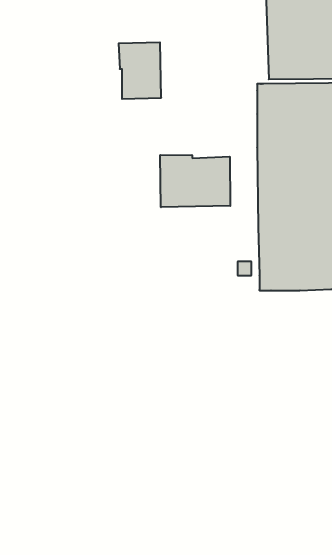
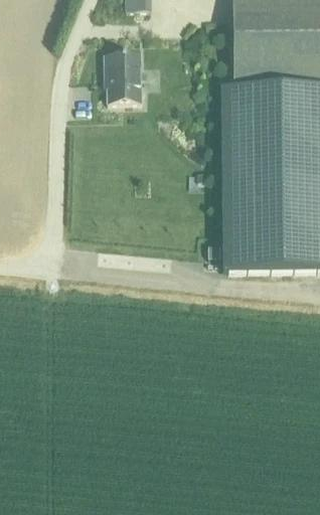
building: [160,155,230,207] -> none

